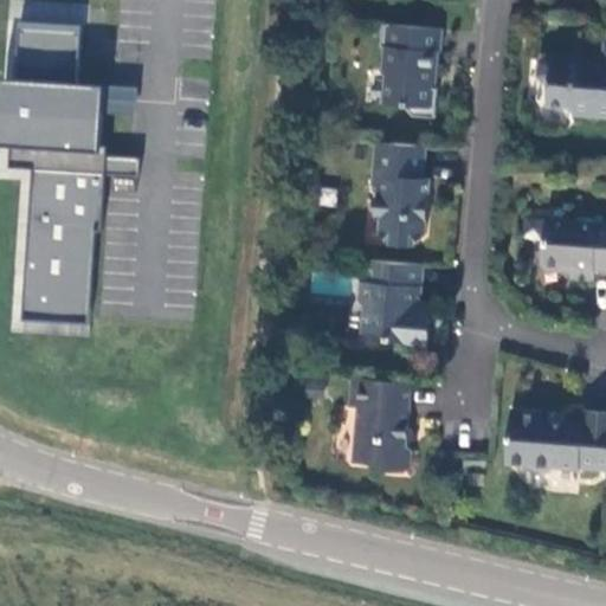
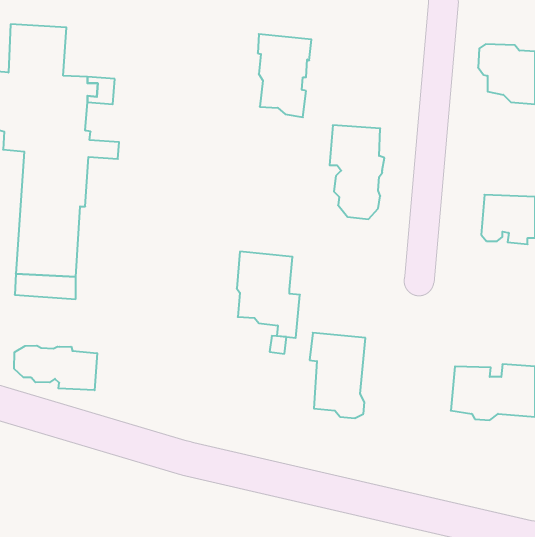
building: [385,25,445,118] -> [258,34,311,117]
building: [360,260,431,357] -> [237,252,300,338]
building: none -> [14,346,97,390]

